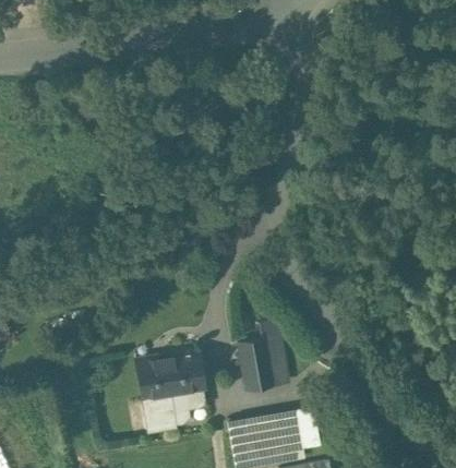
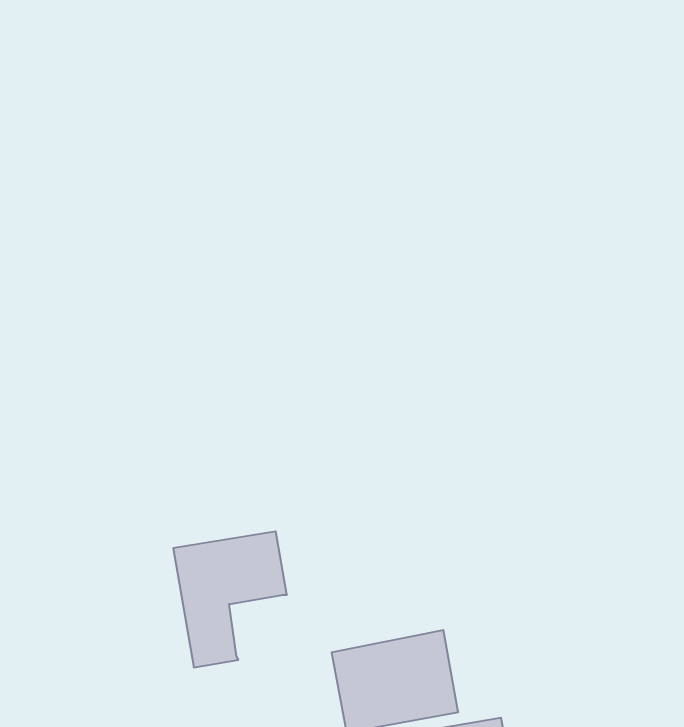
building: [237,320,286,389] -> none
building: [168,389,203,425] -> none

